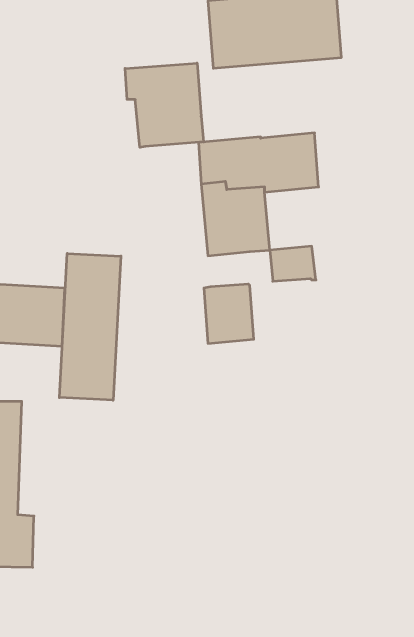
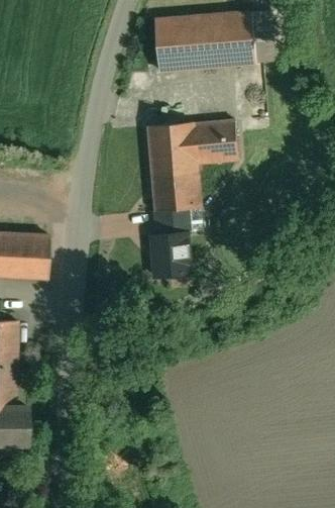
building: [125,63,204,147] -> none
building: [270,246,316,281] -> [156,208,191,234]
building: [59,253,121,400] -> none

